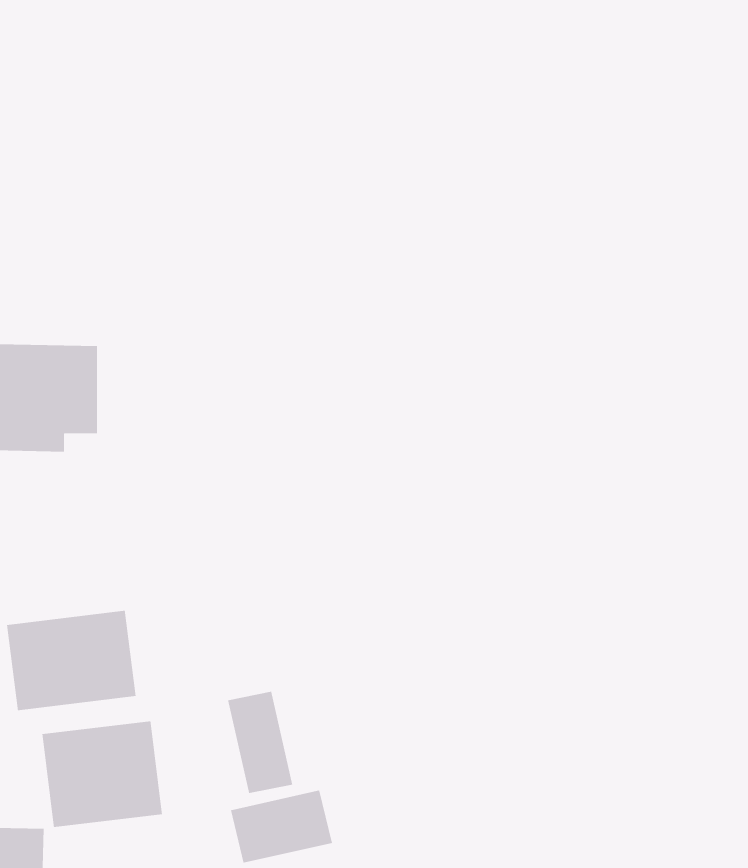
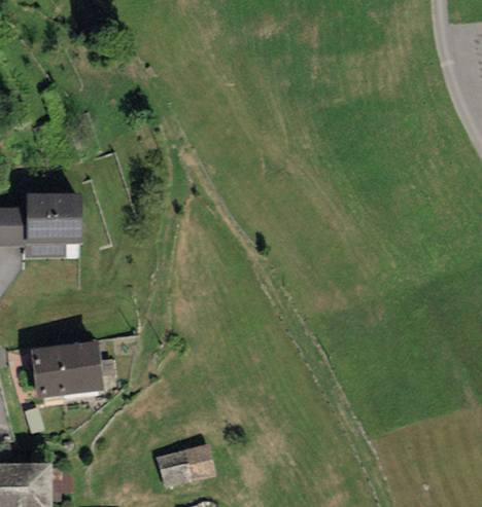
building: [228,691,293,794] -> none
building: [42,720,163,828] -> none

